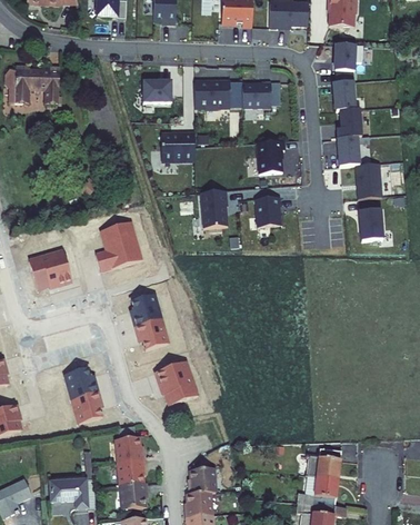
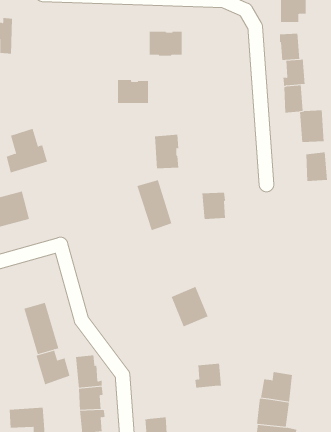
building: [143,80,171,100] -> none
building: [242,81,271,107] -> none
building: [257,140,284,172] -> none
building: [254,197,280,226] -> [202,192,226,219]
building: [93,221,138,269] -> [6,128,48,173]
building: [128,294,166,348] -> [136,179,172,231]
building: [154,360,194,404] -> [171,286,209,327]
building: none -> [36,350,70,385]
building: [191,464,220,491] -> [194,363,222,388]

